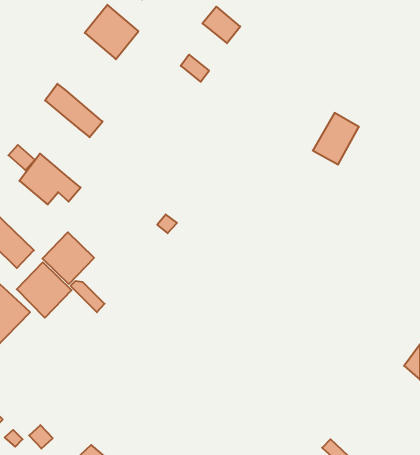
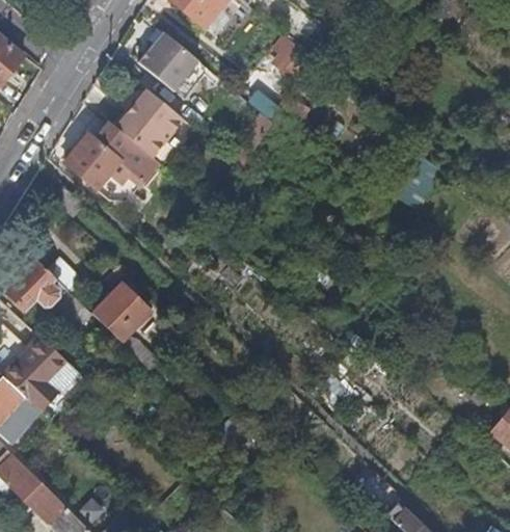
building: none -> [118,89,185,159]
building: [19,154,81,204] -> [65,133,133,189]
building: [17,262,72,318] -> none

